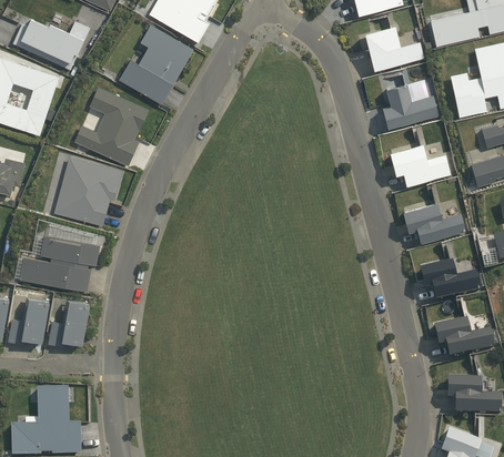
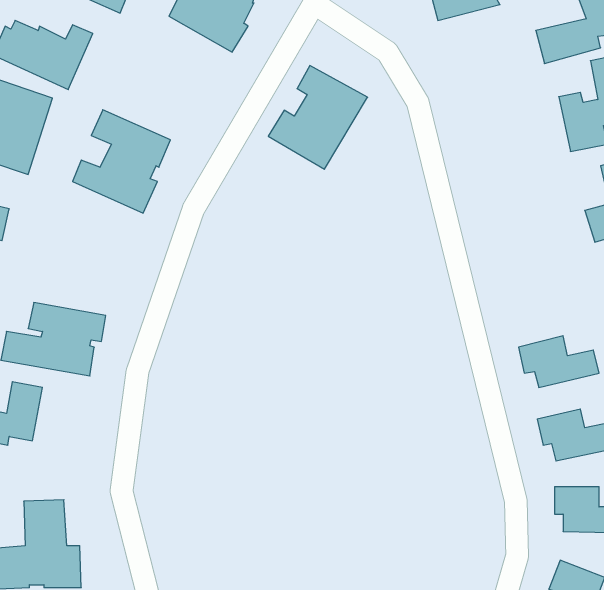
building: [118,23,194,103] -> [268,66,368,169]
building: [363,26,424,71] -> none
building: [382,83,440,129] -> none
building: [389,144,452,186] -> none
building: [53,155,122,225] -> none
building: [402,203,465,243] -> none
building: [48,297,91,346] -> none

